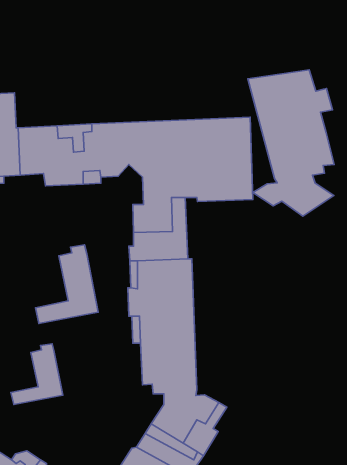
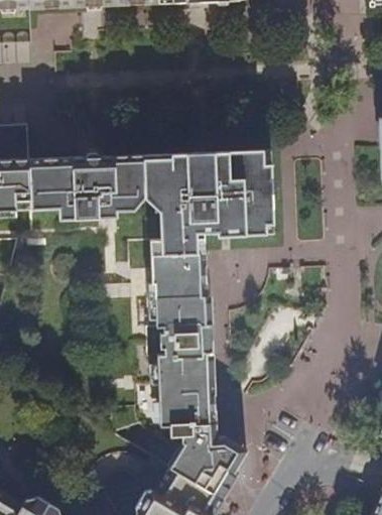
building: [248,70,334,216] -> none
building: [35,245,98,324] -> none
building: [11,344,63,405] -> none

